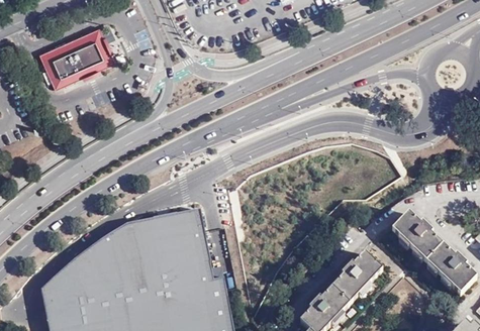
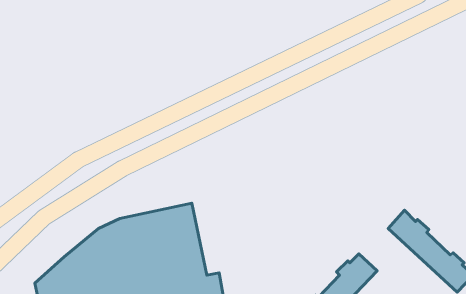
building: [35,26,111,89] -> none

